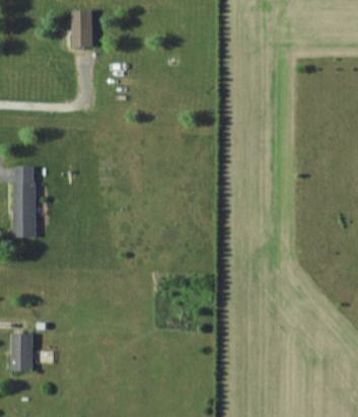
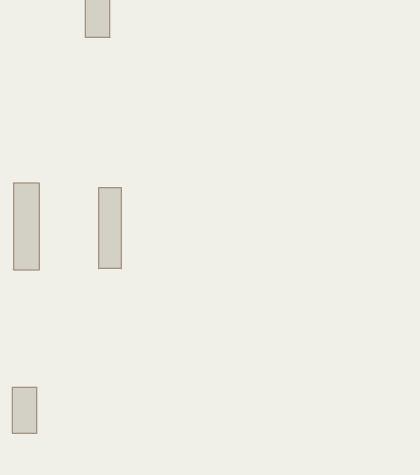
building: none -> [99,188,121,269]

